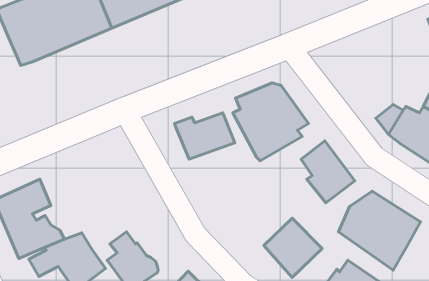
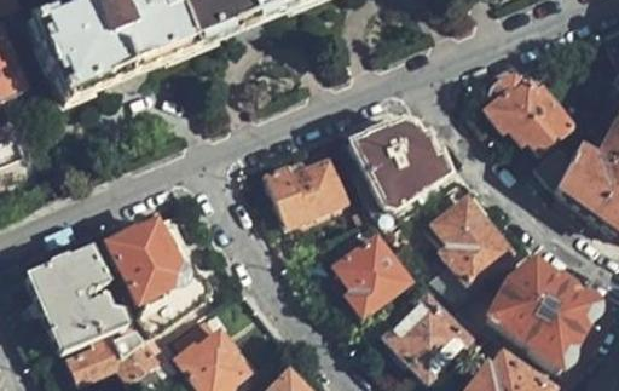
building: none -> [485,69,571,154]
building: none -> [108,212,214,326]
building: none -> [324,223,403,303]

